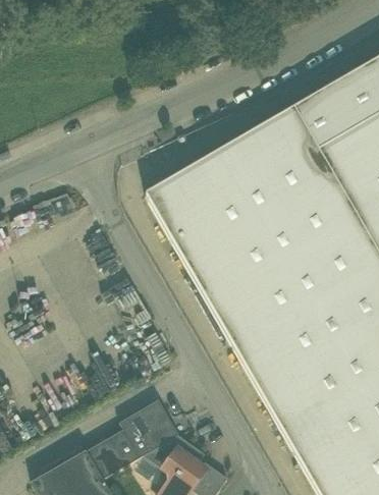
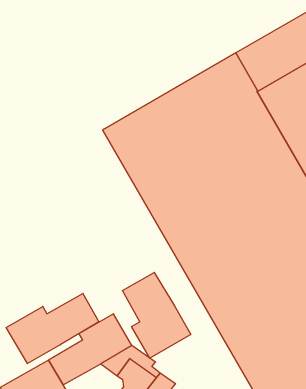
building: none -> [122,272,191,358]
building: none -> [6,293,99,364]

